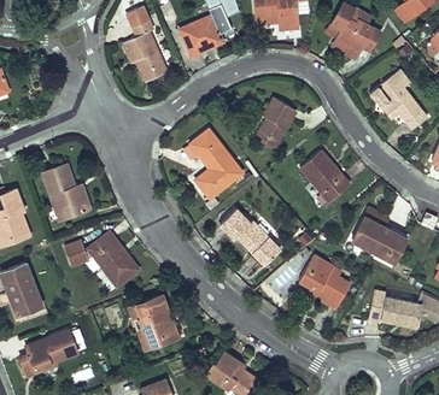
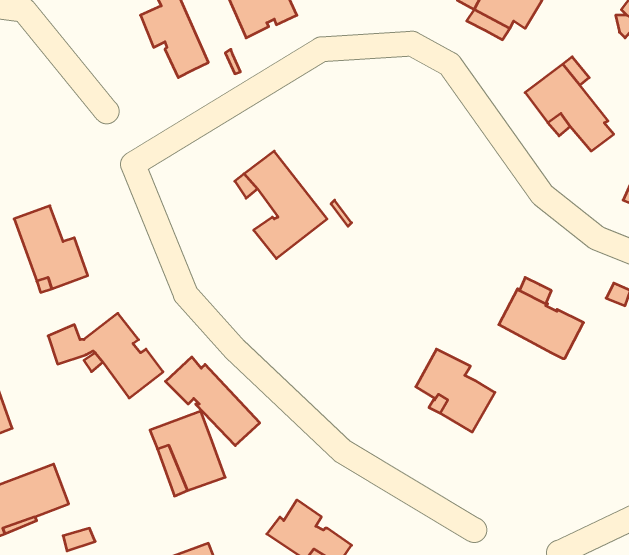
building: [254,98,295,148] -> none
building: [299,149,349,201] -> none
building: [220,208,280,265] -> [165,357,260,446]
building: [368,290,421,326] -> none

